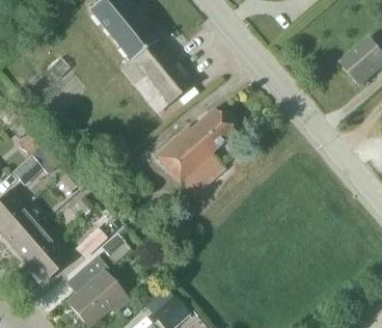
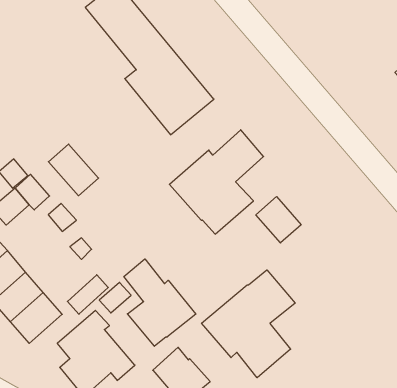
building: none -> [48,144,99,196]
building: none -> [256,197,301,243]
building: none -> [124,259,196,346]
building: none -> [202,270,295,378]

